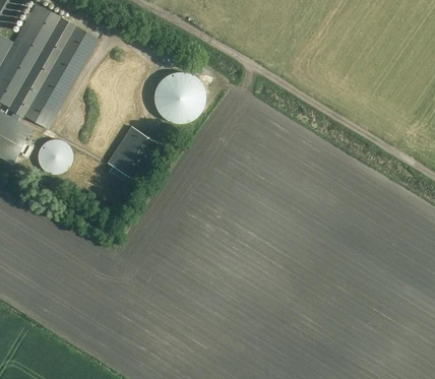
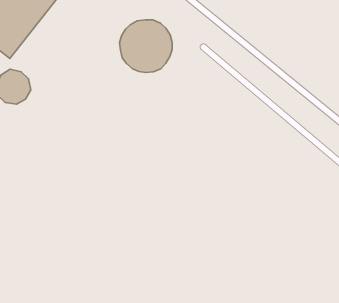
building: [107,126,158,180] -> none

